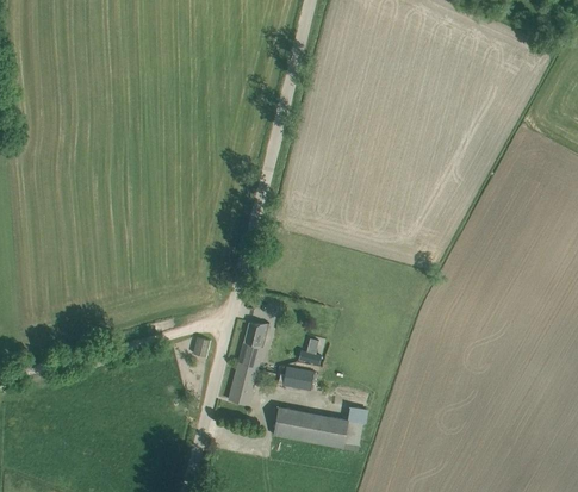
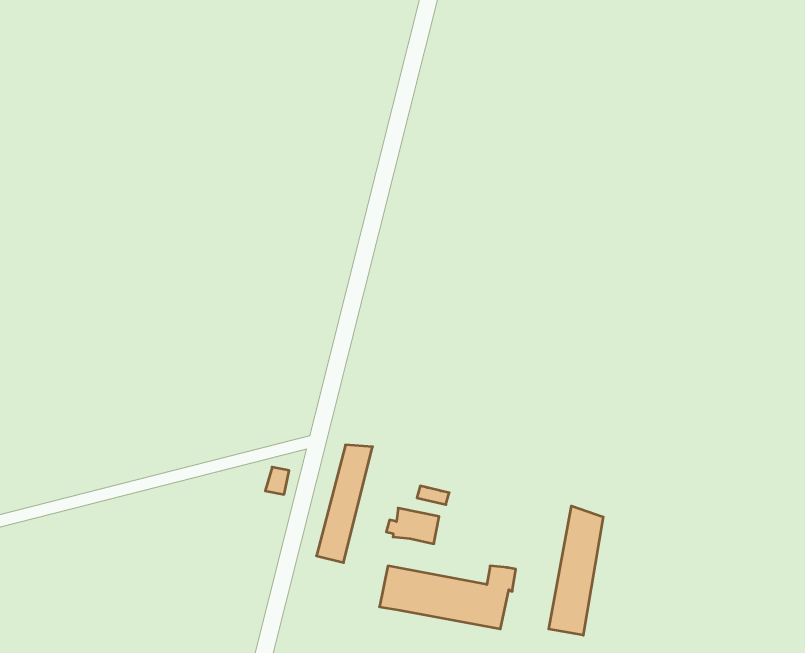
building: none -> [549,506,603,635]

